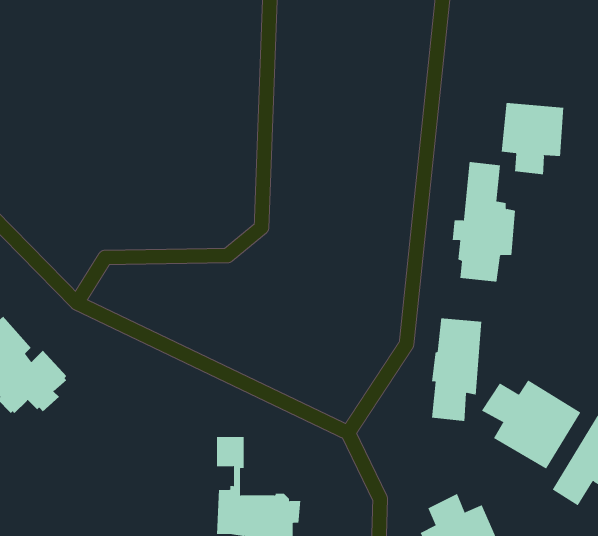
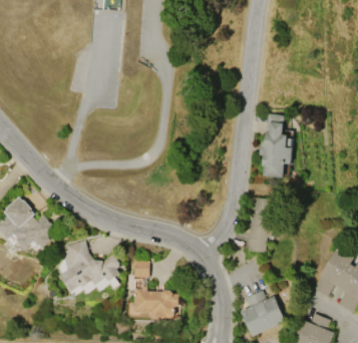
building: [501,102,564,175] -> none
building: [481,380,581,469] -> none
building: none -> [59,242,120,293]

